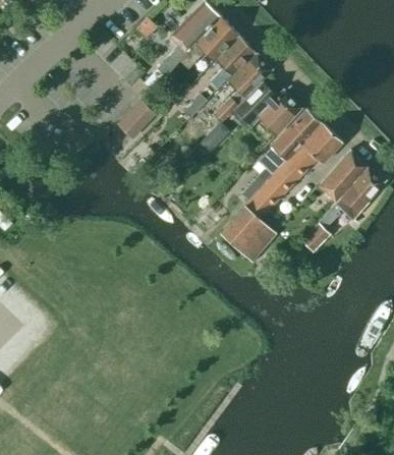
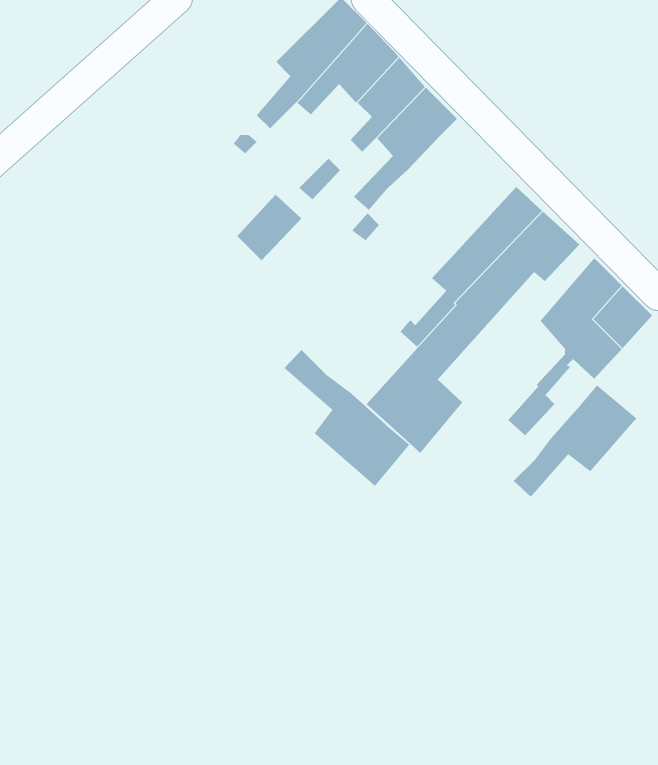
building: [233,81,302,135] -> none
building: [117,100,155,138] -> [237,194,302,261]
building: none -> [284,349,410,487]
building: none -> [513,384,637,498]

